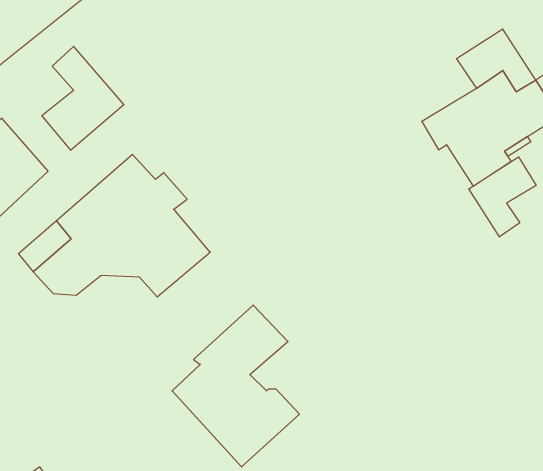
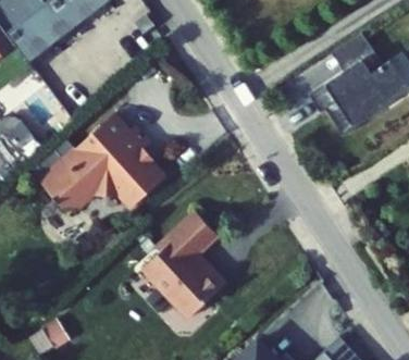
building: [42,46,124,150] -> none
building: [469,157,536,237] -> none

